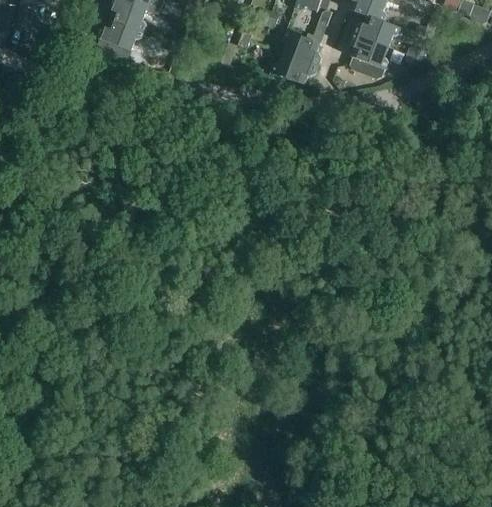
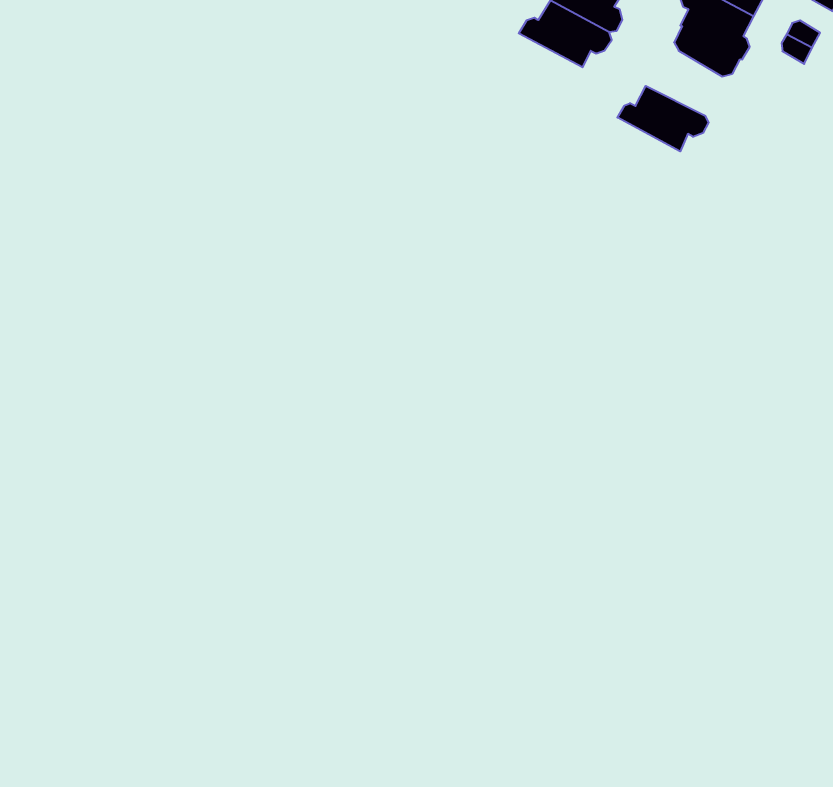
building: none -> [617,86,709,151]

